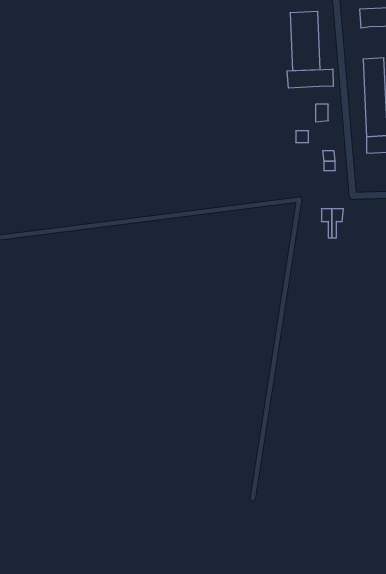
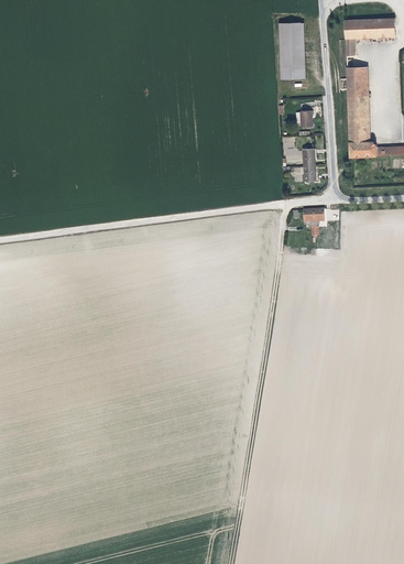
building: [287,69,333,88] -> none

